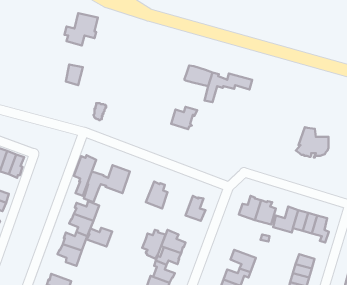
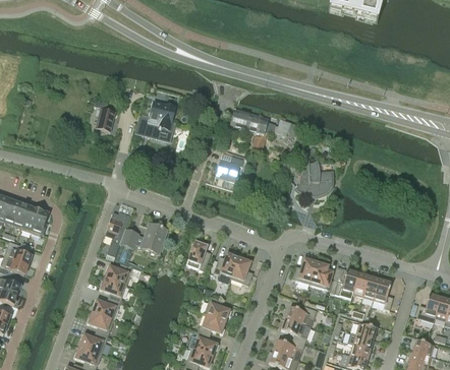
building: [65,13,98,46] -> [138,100,176,136]
building: [296,127,328,158] -> [295,160,332,194]
building: [87,228,112,247] -> [79,330,108,352]
building: [142,230,166,259] -> [213,250,239,283]
building: none -> [286,304,318,325]

